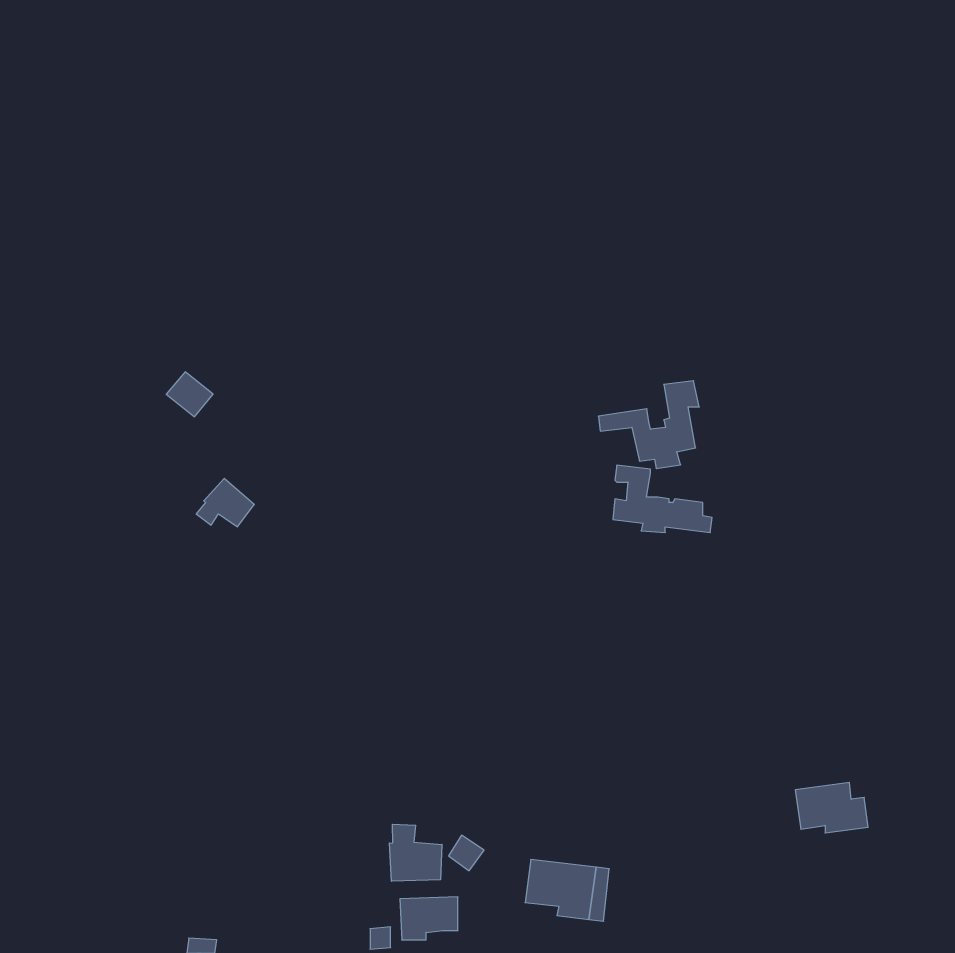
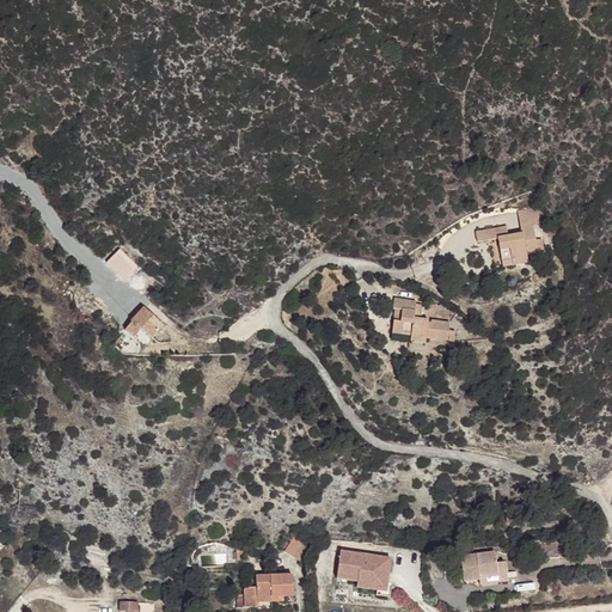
building: [598,381,699,469] -> [476,208,540,264]
building: [795,782,868,833] -> [460,551,507,583]
building: [389,824,442,881] -> none

